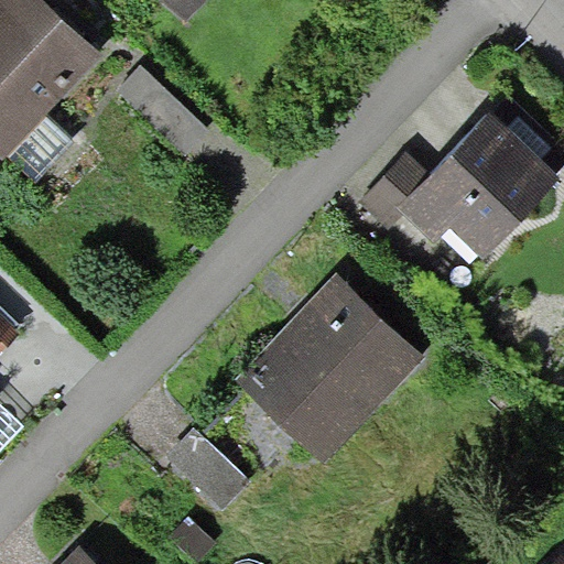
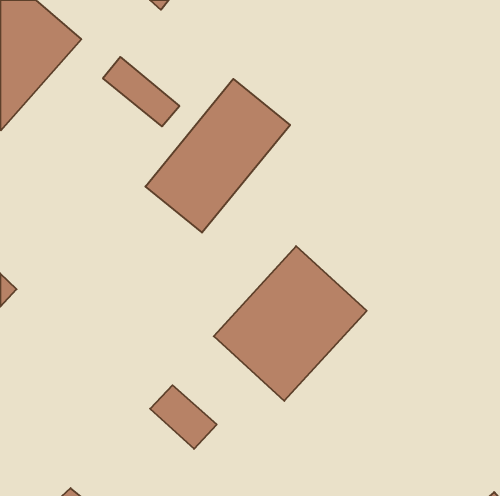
building: none -> [145,79,290,233]
building: [368,109,558,262] -> none

